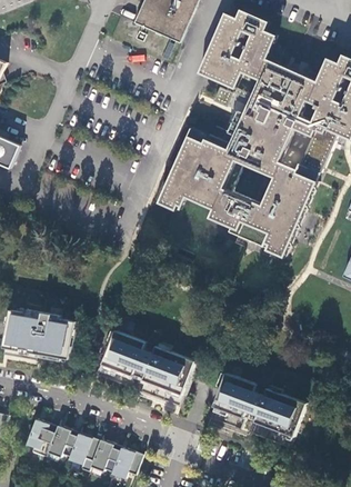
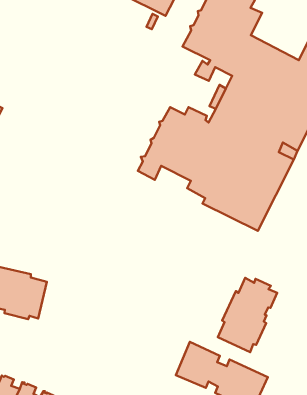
building: none -> [218,278,277,352]
building: [99,329,191,394] -> none

